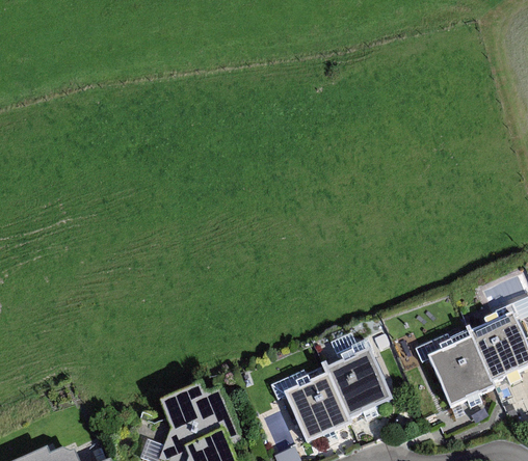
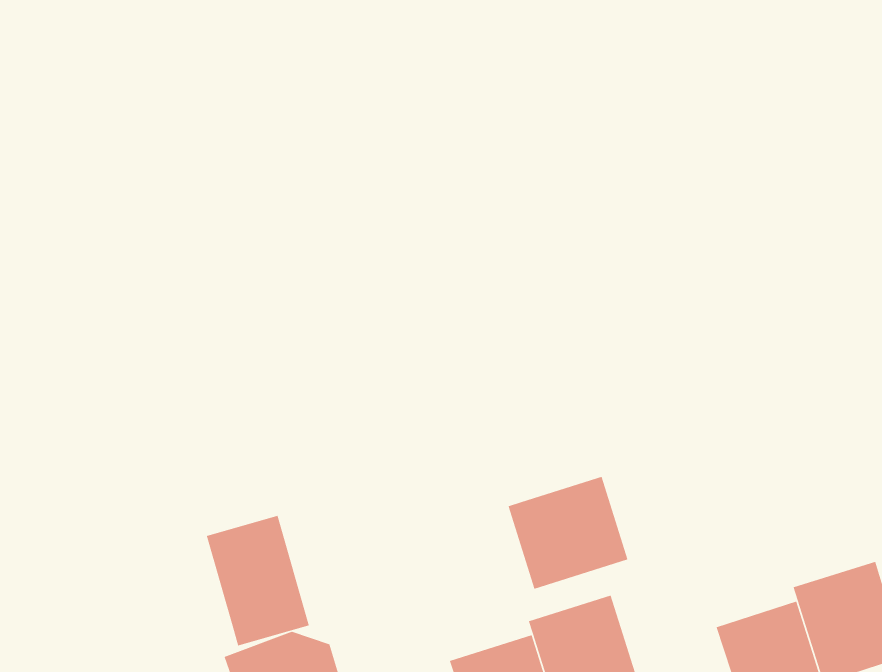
building: none -> [507,476,629,590]
building: none -> [206,515,310,647]

